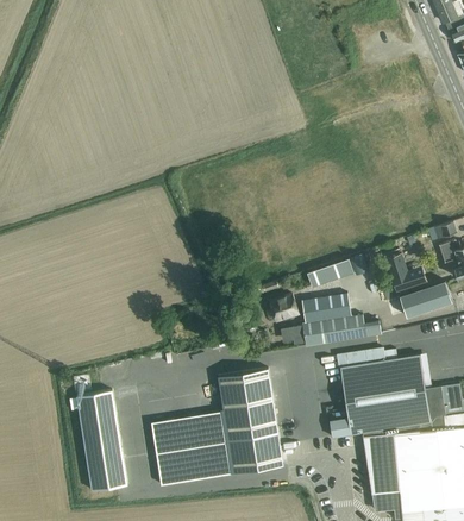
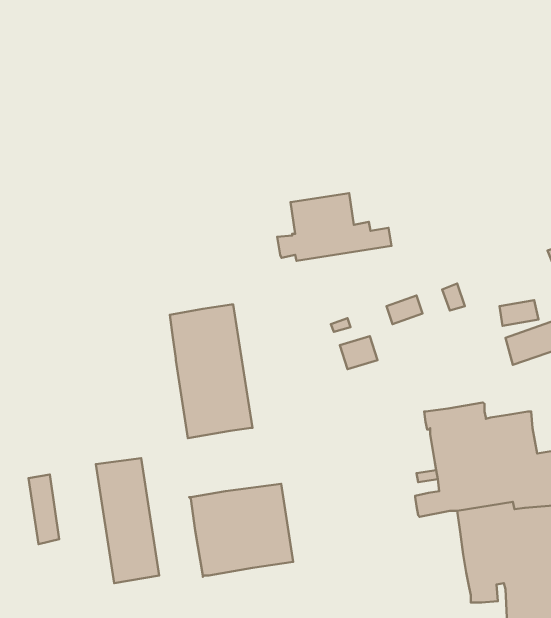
building: [291,293,382,346] -> [277,193,391,261]
building: [219,368,284,473] -> [170,304,253,438]
building: none -> [28,475,59,544]

